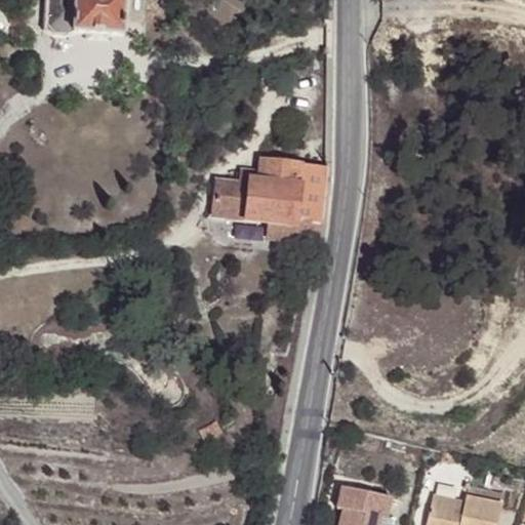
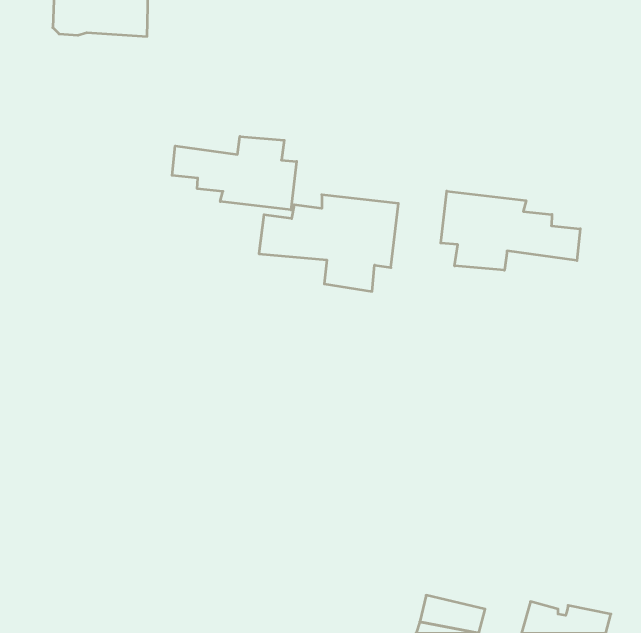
building: none -> [172,136,297,210]
building: none -> [441,191,580,270]

